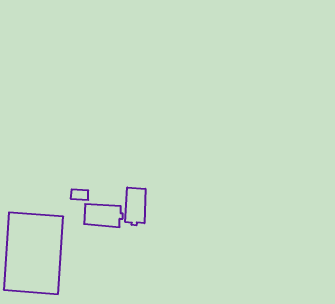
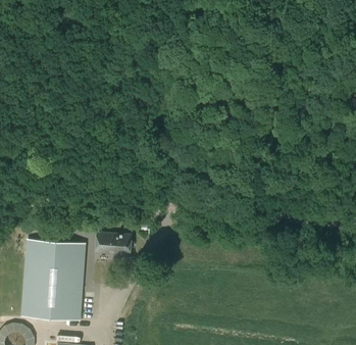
building: [125,187,145,225] -> none

